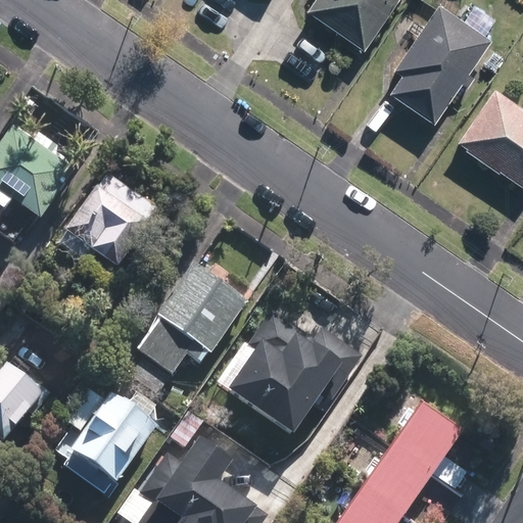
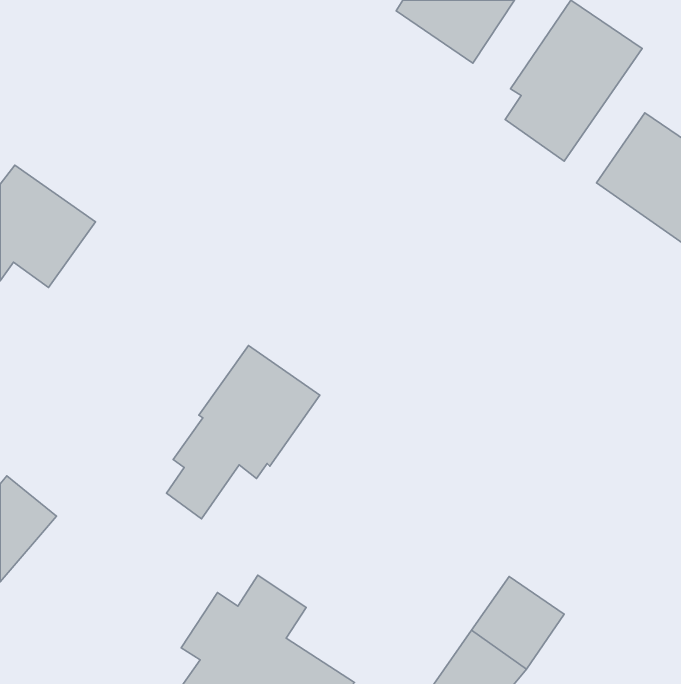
building: [59,176,155,270] -> none
building: [230,313,370,438] -> none
building: [63,388,157,490] -> none
building: [391,398,469,484] -> none

